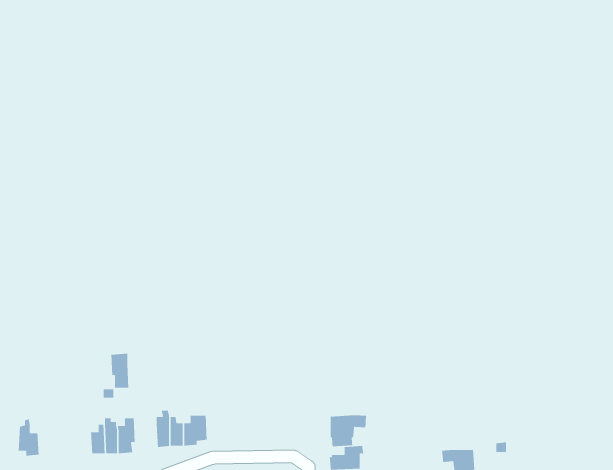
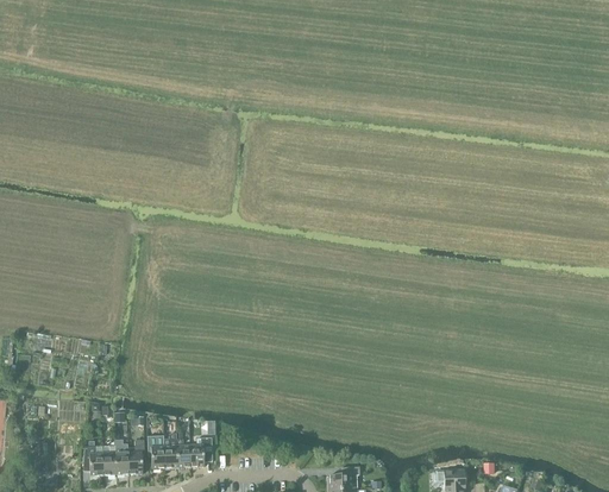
building: [110,353,129,388] -> [147,435,165,468]
building: [330,415,367,447] -> none
building: [18,419,39,457] -> [83,440,103,475]

